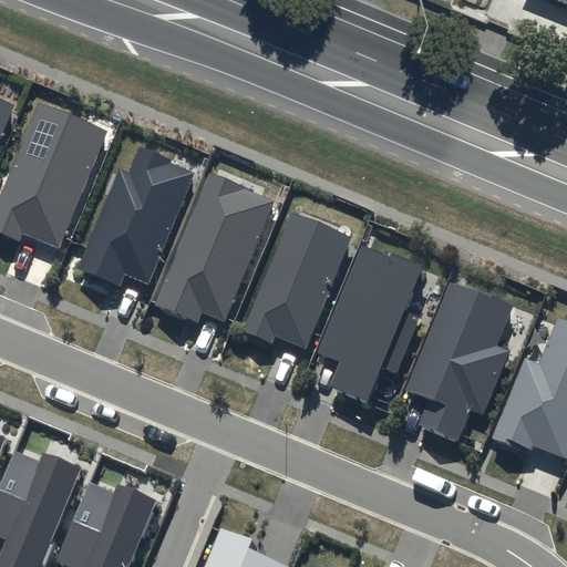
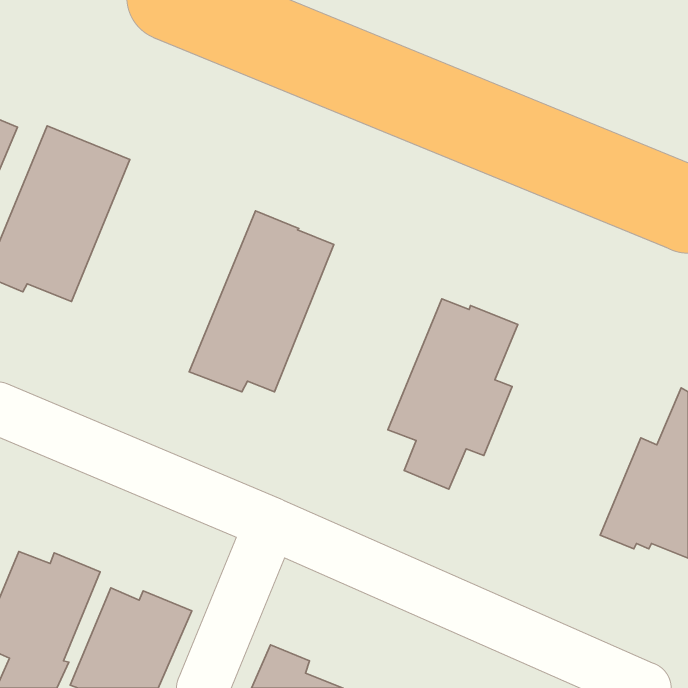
building: [79,146,194,285] -> none
building: [243,213,351,348] -> none
building: [406,281,513,440] -> none

